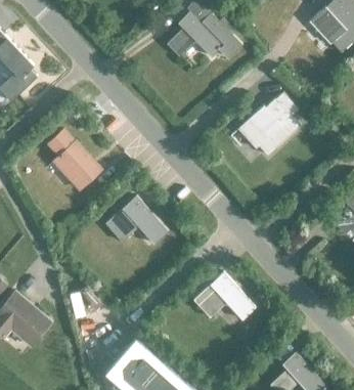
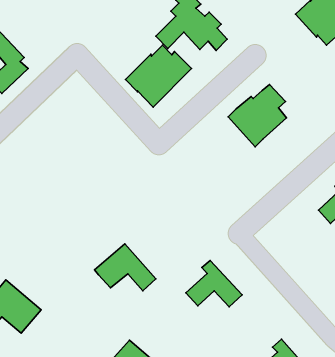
building: none -> [126,45,192,107]
building: [48,129,100,188] -> none
building: [104,196,167,244] -> [95,244,156,291]

